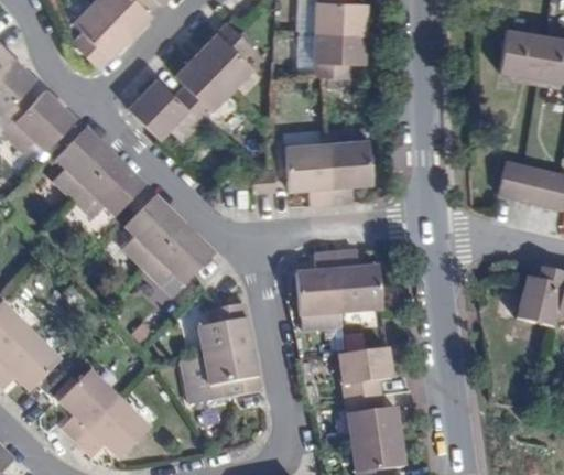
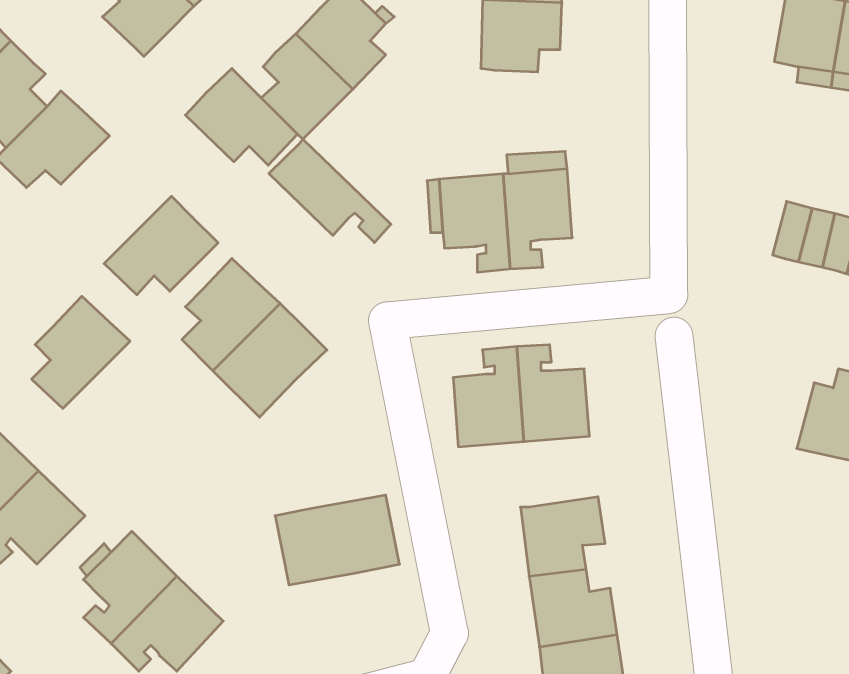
building: none -> [269,139,391,243]
building: [53,128,116,199] -> [32,296,130,408]
building: [198,304,252,356] -> none

